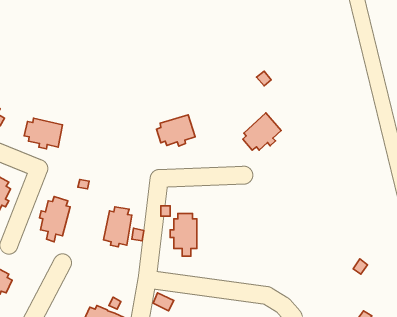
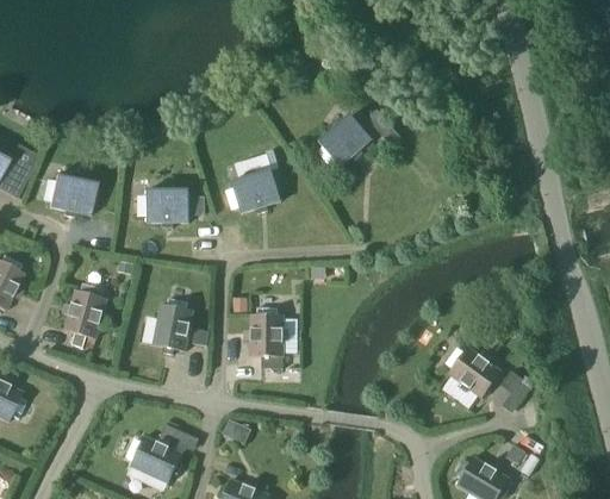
building: [243,113,281,150] -> [317,113,371,166]
building: none -> [139,189,188,226]
building: none -> [446,347,500,398]

